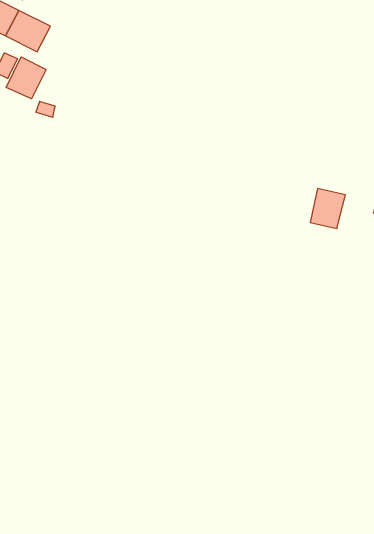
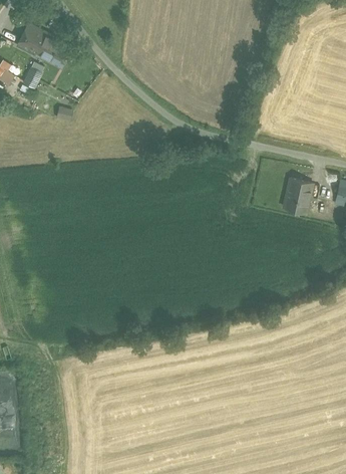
building: [6,57,46,99] -> none

